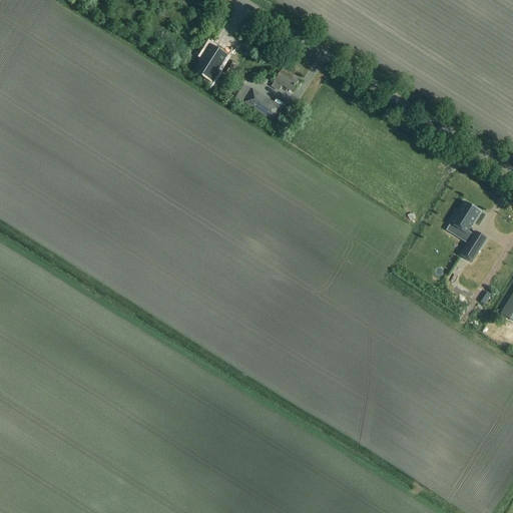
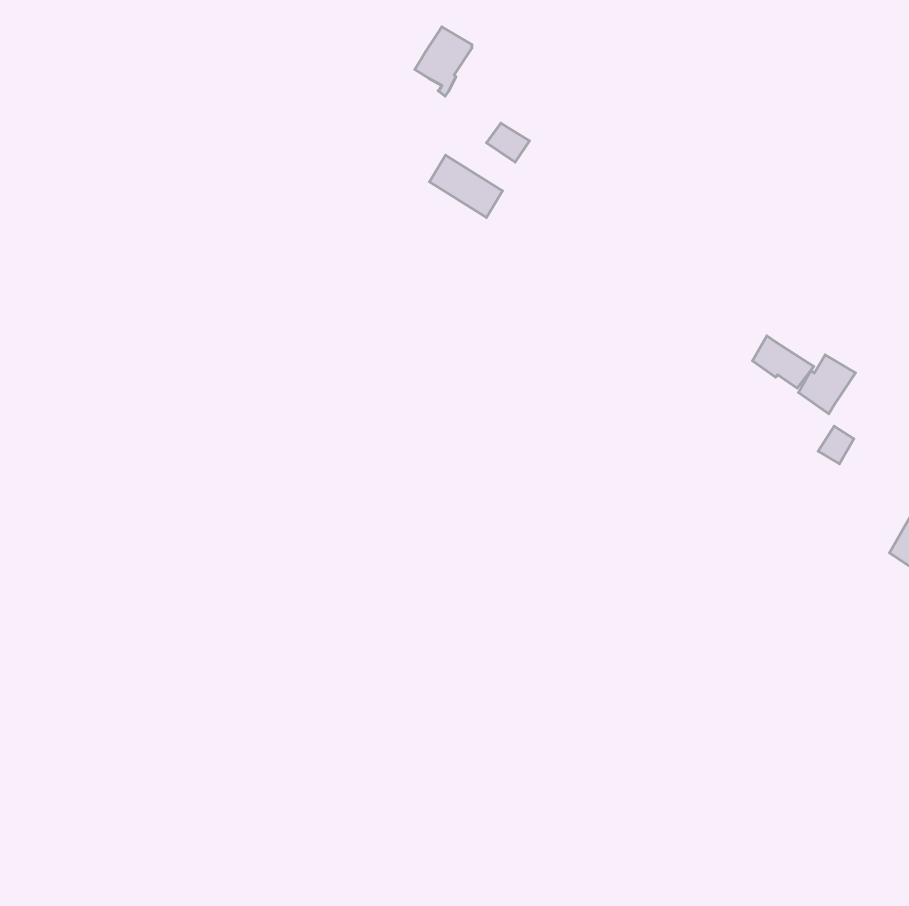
building: [195,42,227,81] -> [415,27,472,96]
building: none -> [752,336,814,388]

